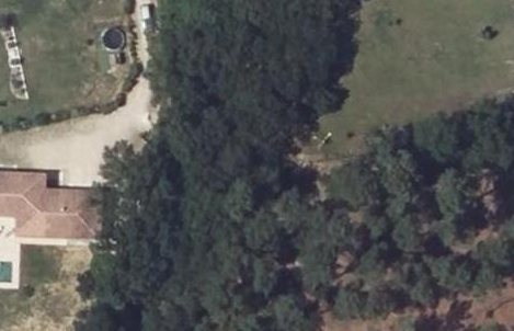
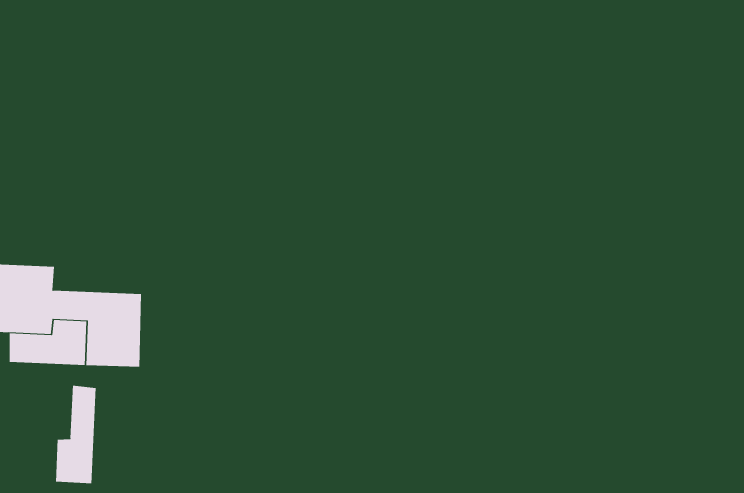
building: none -> [56,385,96,484]

